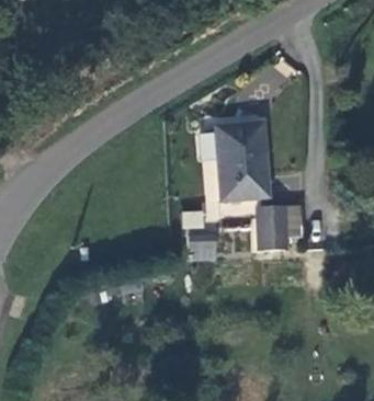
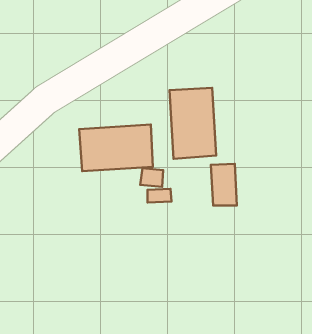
building: none -> [79,125,153,171]

